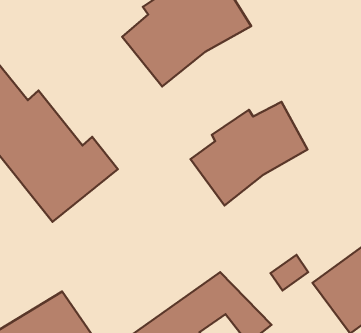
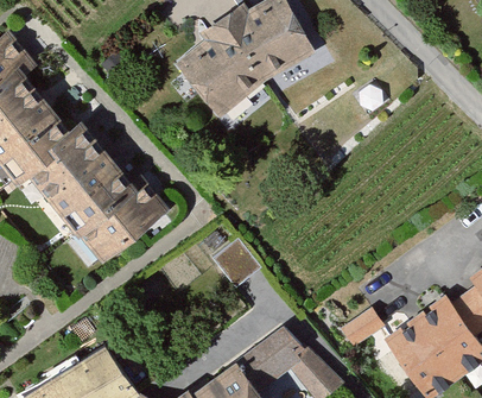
building: [191,102,308,205] -> none

